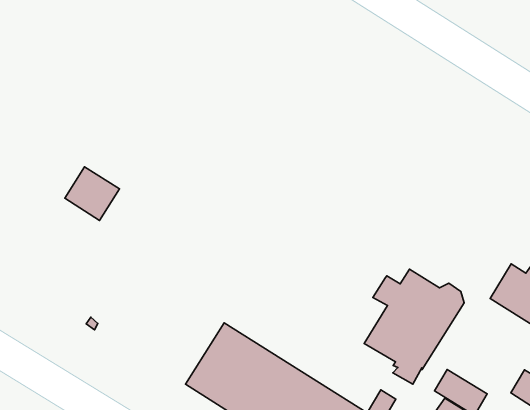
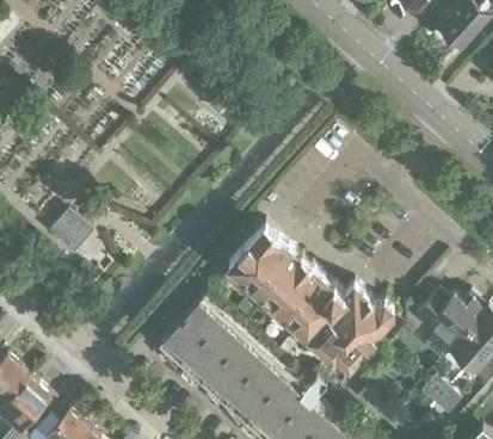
building: [65,167,120,221] -> [47,210,92,255]
building: none -> [228,223,334,335]

